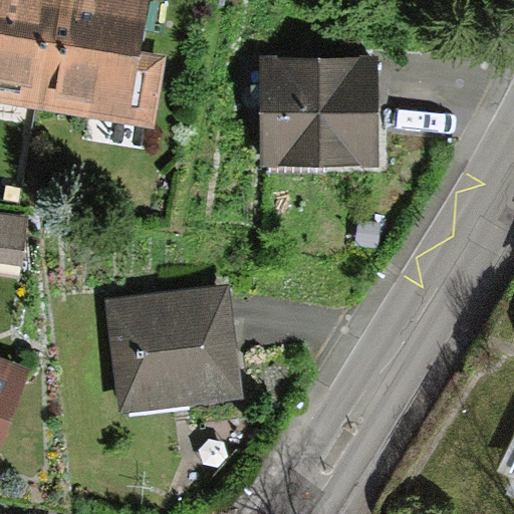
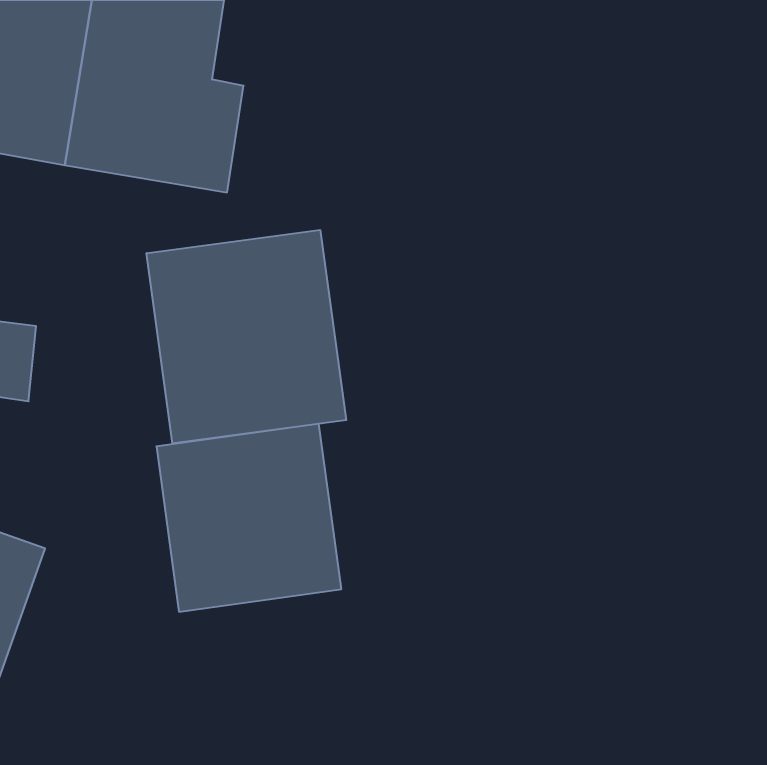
building: [263,49,381,156] -> none
building: none -> [147,230,346,443]

